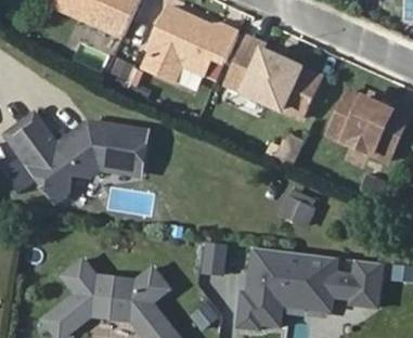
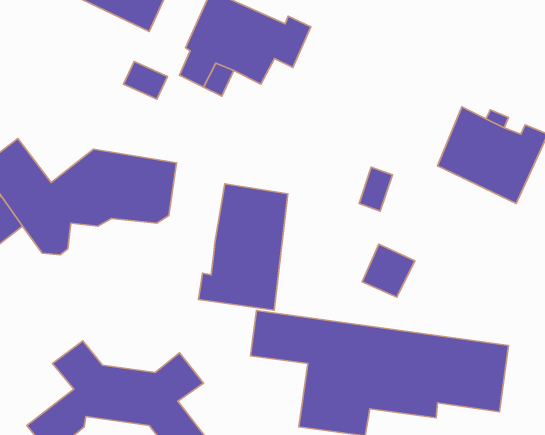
building: [229,38,323,119] -> none
building: none -> [199,184,288,310]

